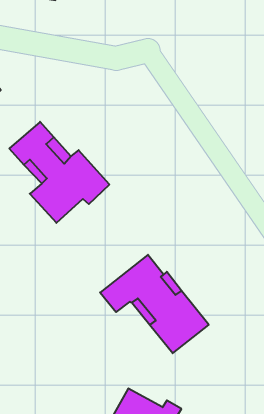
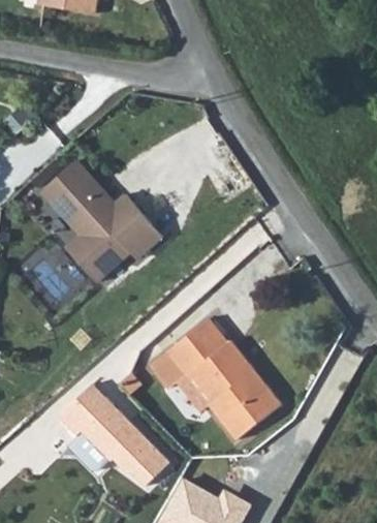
building: none -> [57,384,172,492]

